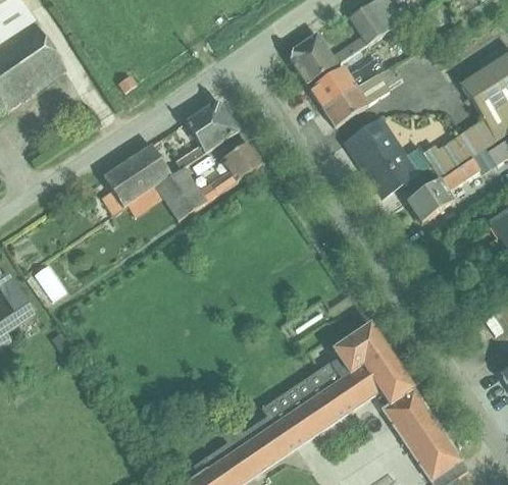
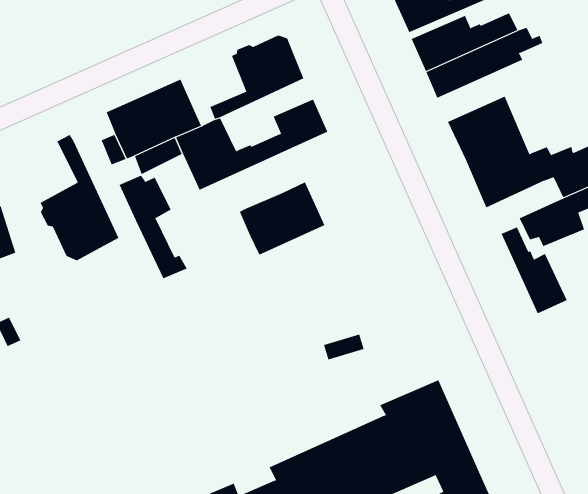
building: none -> [40,134,119,261]
building: none -> [239,181,325,256]
building: none -> [501,227,567,314]
building: none -> [119,175,188,279]

